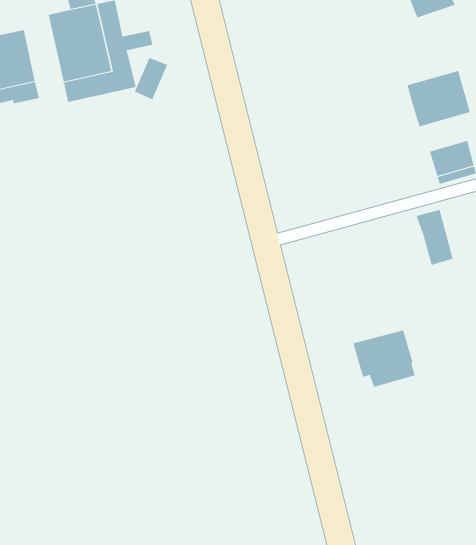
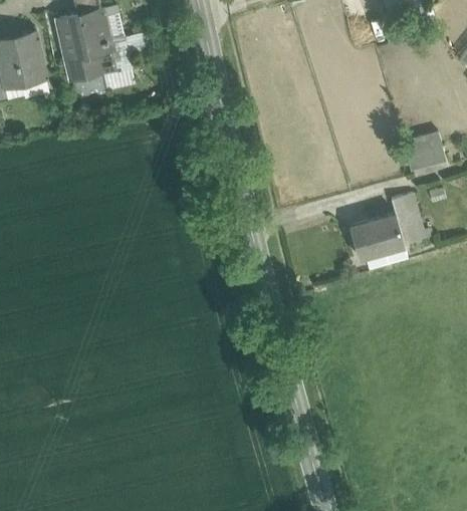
building: [134,57,168,100] -> none
building: [407,70,471,127] -> none
building: [352,329,416,388] -> [347,213,405,266]

